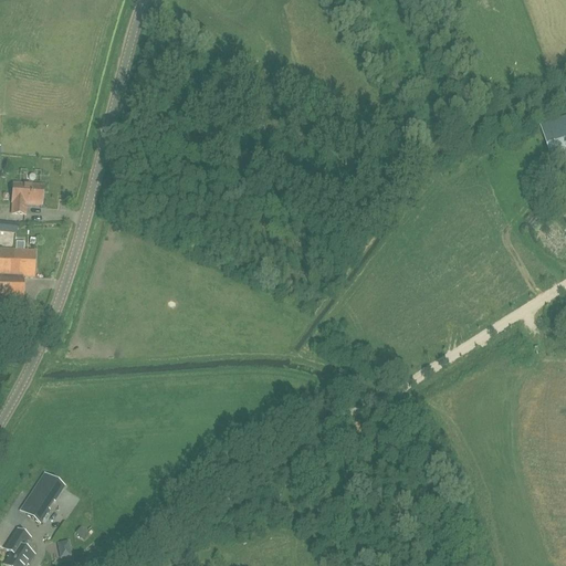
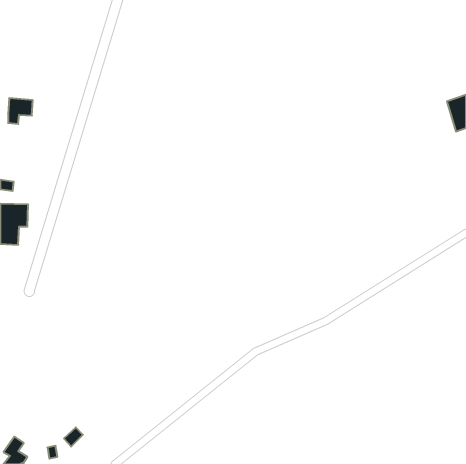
building: [12,181,42,212] -> [8,98,33,124]
building: [20,478,60,521] -> none

